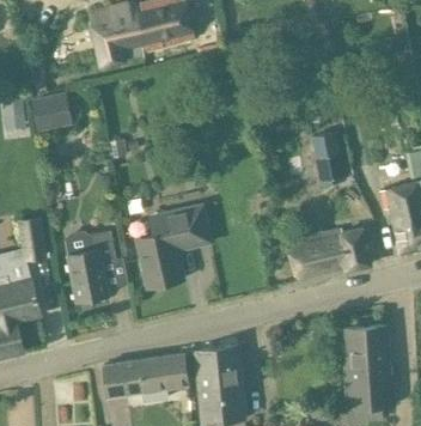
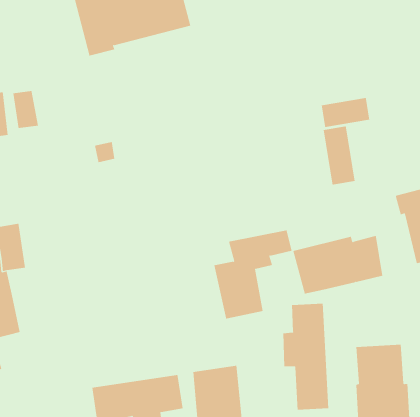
building: none -> [321,97,370,128]
building: [138,206,209,287] -> [214,230,292,319]
building: [66,231,116,302] -> none
building: none -> [283,303,329,410]

